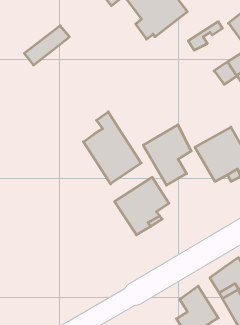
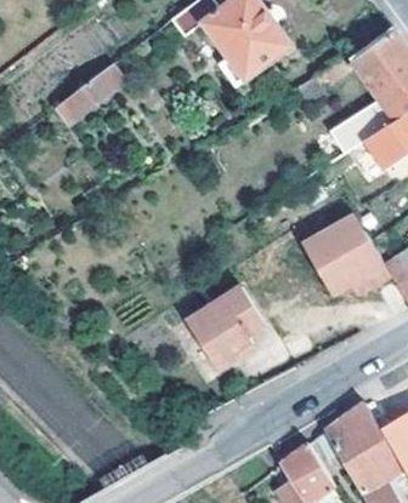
building: [83,112,141,184] -> none
building: [143,125,191,185] -> none

